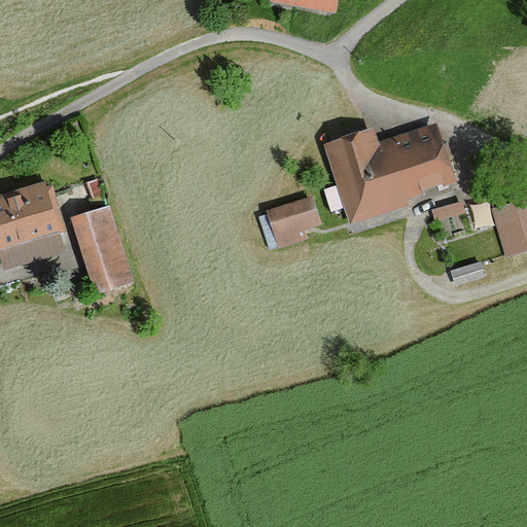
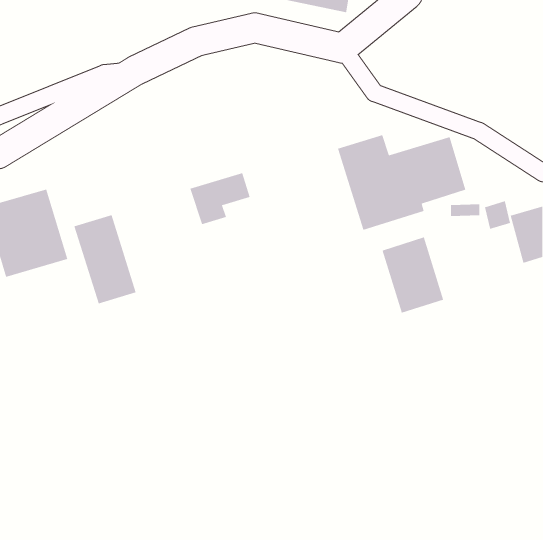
building: [266,196,324,246] -> [190,172,250,225]
building: none -> [382,237,444,314]

